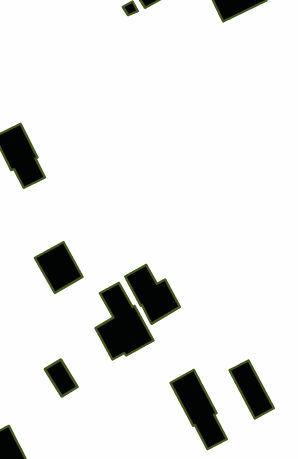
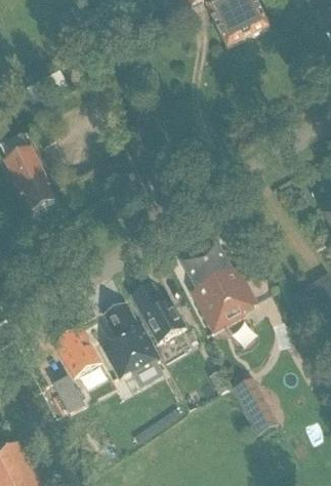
building: none -> [182,241,256,330]
building: [35,242,82,293] -> [53,327,99,376]
building: [170,370,227,449] -> none

